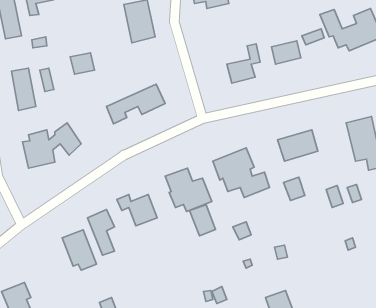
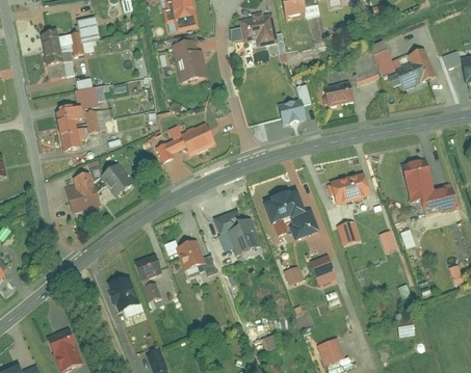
building: [70,53,95,74] -> [75,86,100,108]
building: [190,205,215,236] -> none
building: none -> [310,256,337,284]

